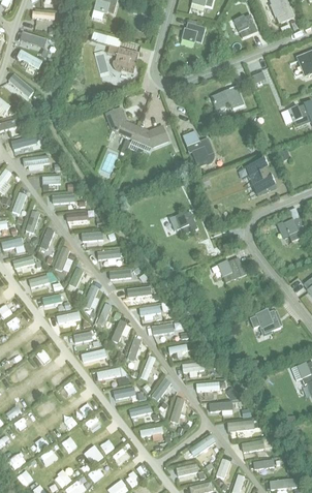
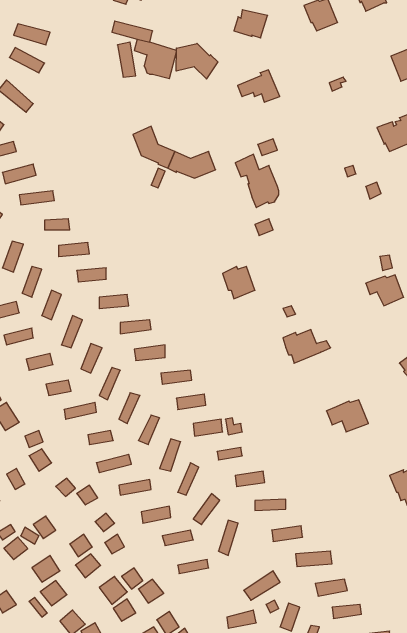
building: none -> [176,43,218,79]
building: [212,85,243,109] -> [238,70,280,102]
building: [246,158,276,193] -> none

